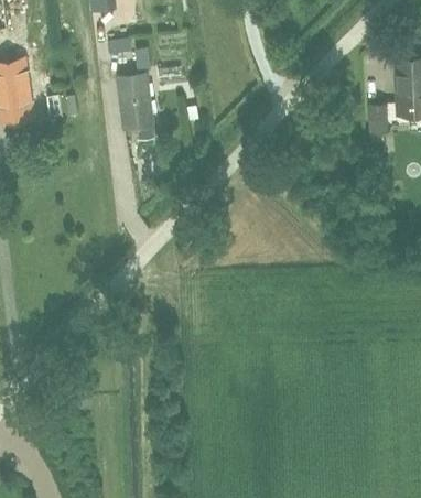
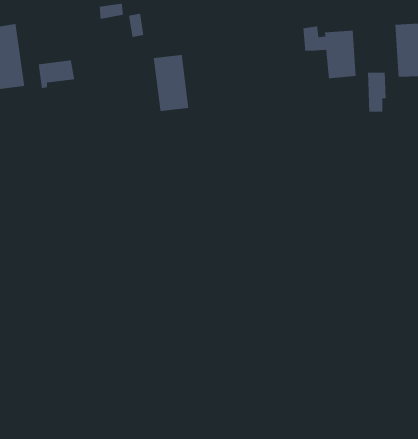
building: none -> [302,26,356,79]
building: [117,74,152,130] -> [153,54,189,112]

